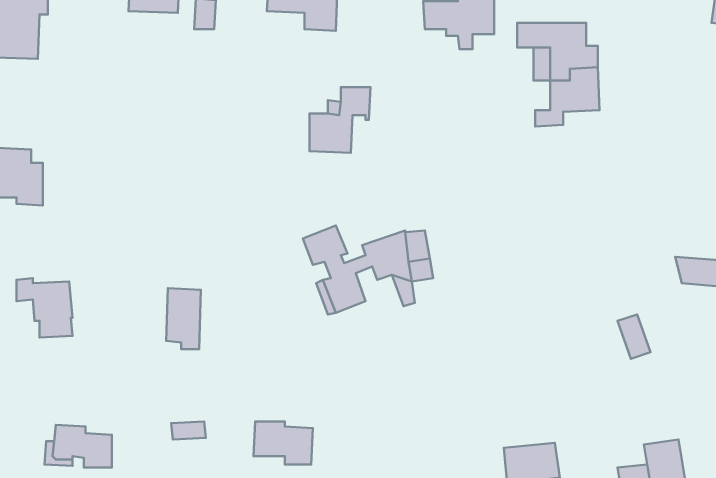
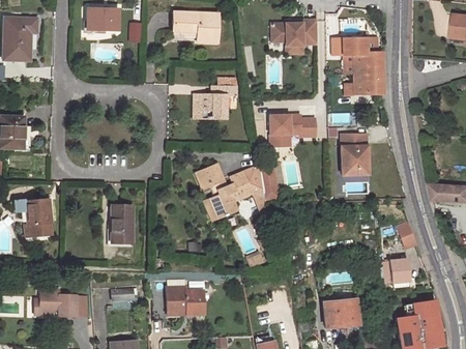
building: none -> [271,114,316,146]
building: none -> [341,133,368,174]
building: none -> [384,259,411,282]

